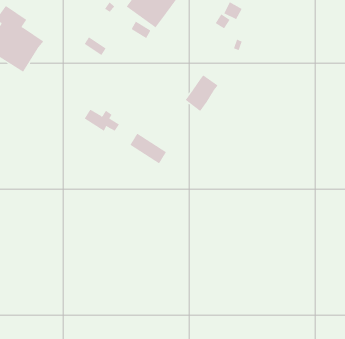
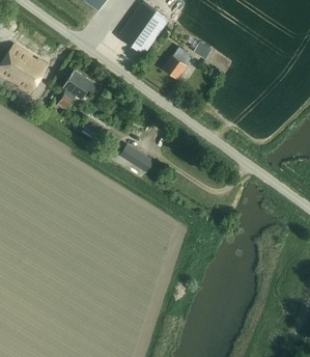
building: none -> [58,68,94,107]
building: [185,75,218,112] -> [163,46,192,78]

